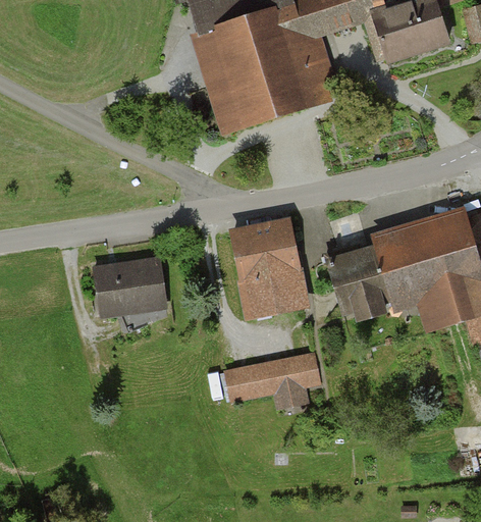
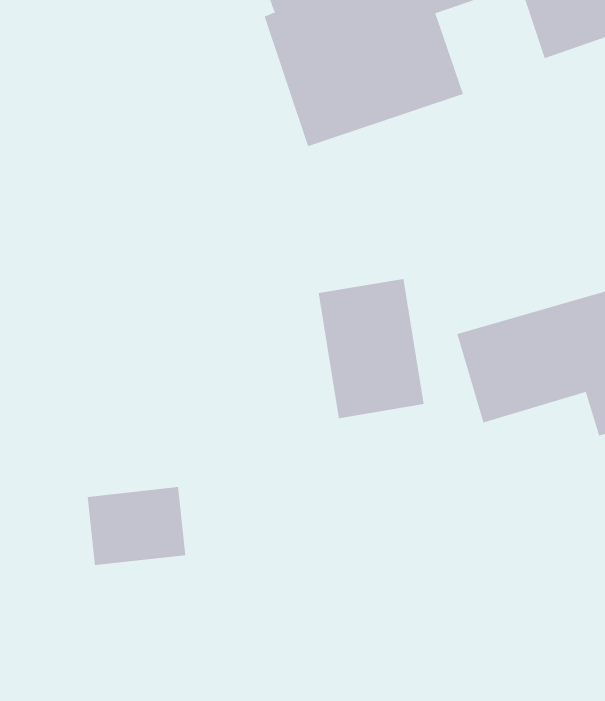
building: [94,259,163,314] -> [87,487,186,566]
building: [222,356,316,403] -> none

